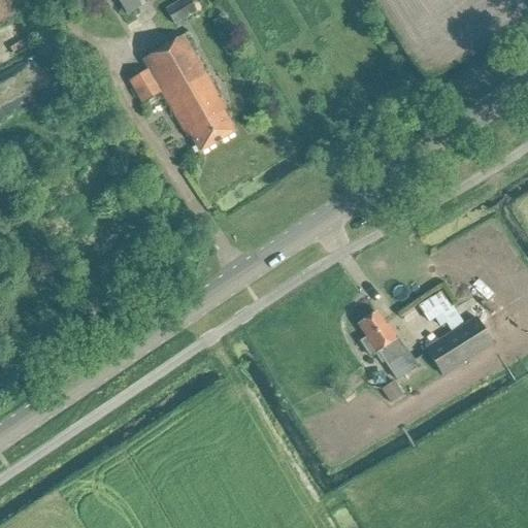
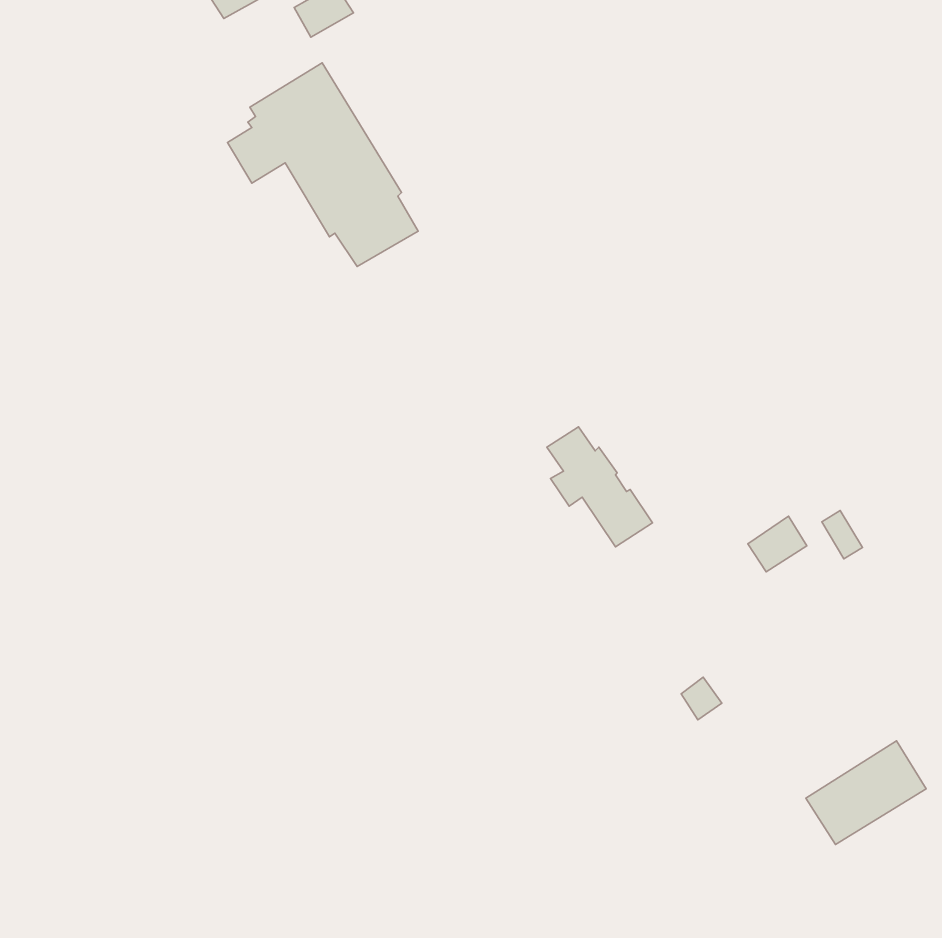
building: [359,309,418,376] -> [547,427,652,547]
building: [426,315,493,372] -> [806,741,926,844]

